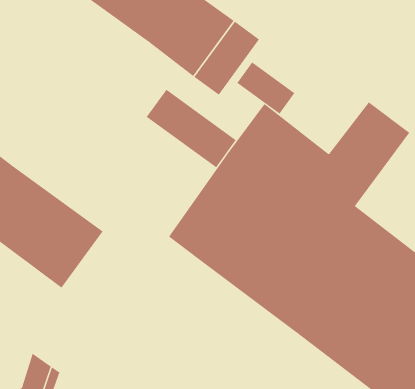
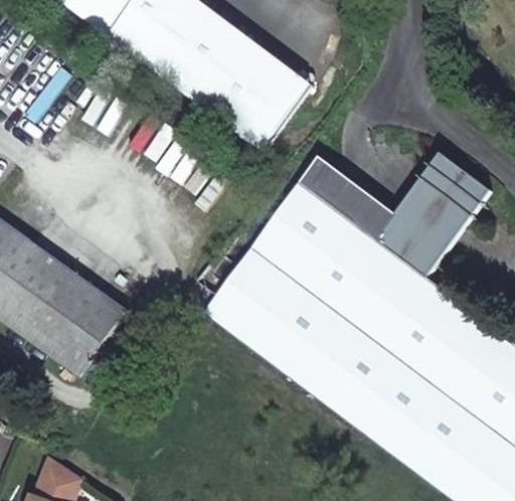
building: [237,62,295,115] -> none
building: [146,89,237,168] -> none

